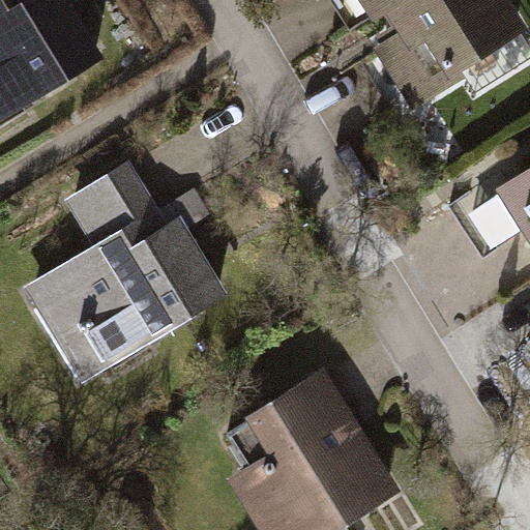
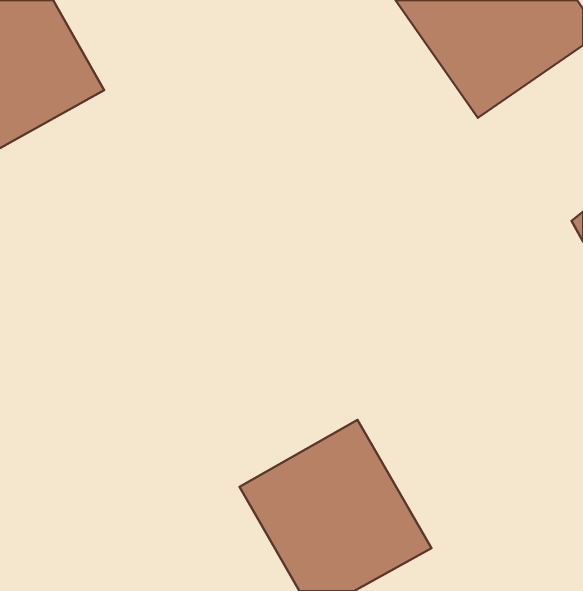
building: [32,164,211,376] -> none

